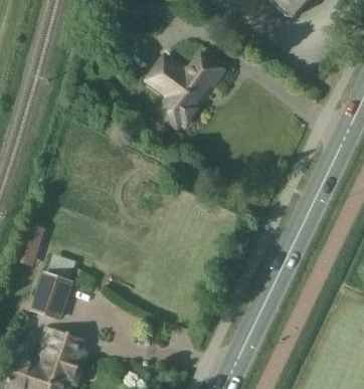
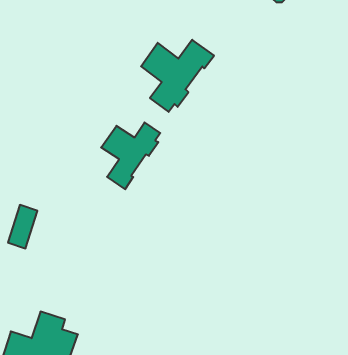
building: none -> [101,122,160,189]
building: [32,251,75,317] -> none

